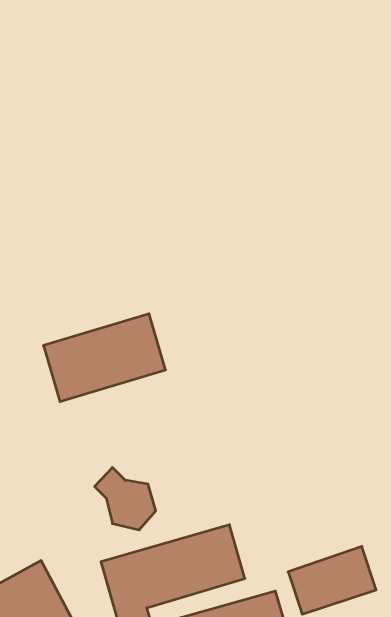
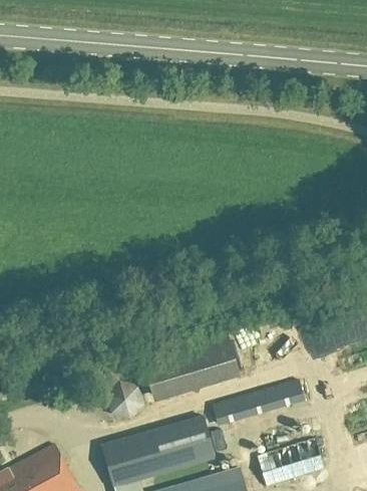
building: [43,314,166,402] -> [143,331,240,401]
building: none -> [213,380,306,424]

